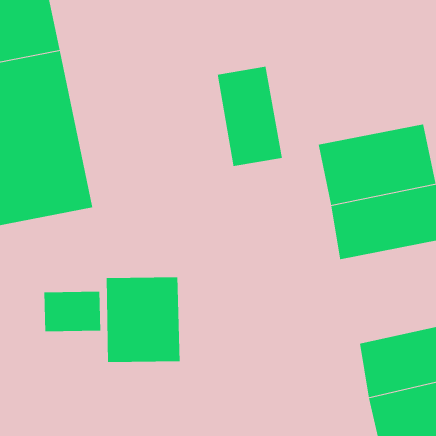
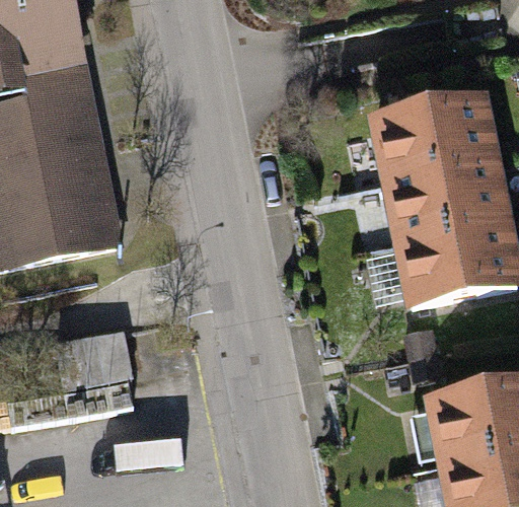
building: [217,66,283,167] -> none
building: none -> [368,93,498,172]
building: [106,277,180,363] -> none

